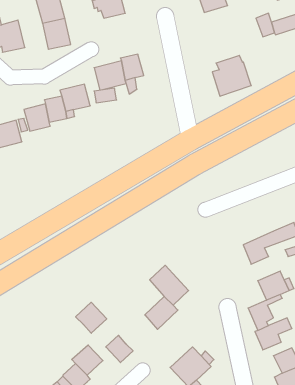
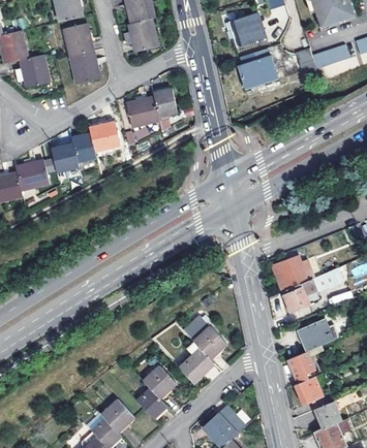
building: [212,55,251,96] -> [237,47,278,91]
building: none -> [272,255,314,292]
building: [76,302,107,333] -> [142,364,175,397]

